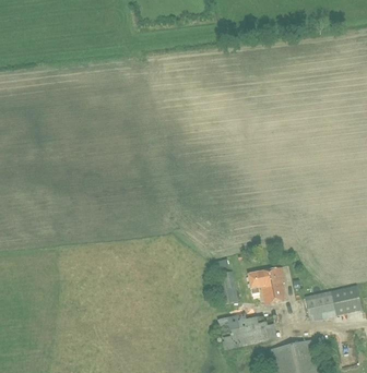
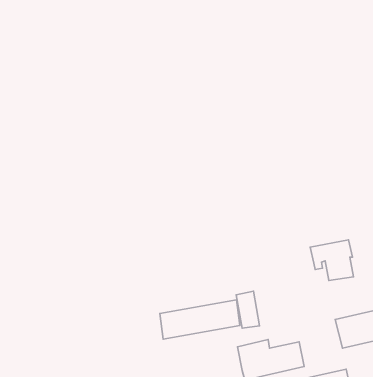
building: [248,267,286,303] -> [310,240,354,281]
building: none -> [160,300,240,339]

